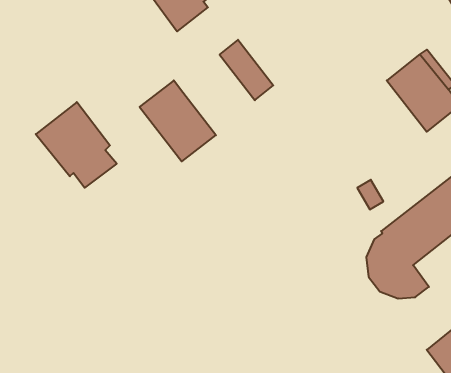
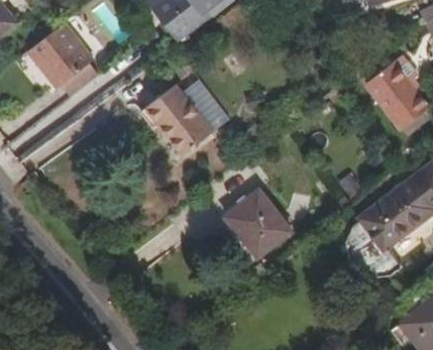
building: [220,40,273,100] -> [182,80,229,133]
building: [36,102,117,188] -> [27,22,99,98]
building: none -> [224,190,293,259]

